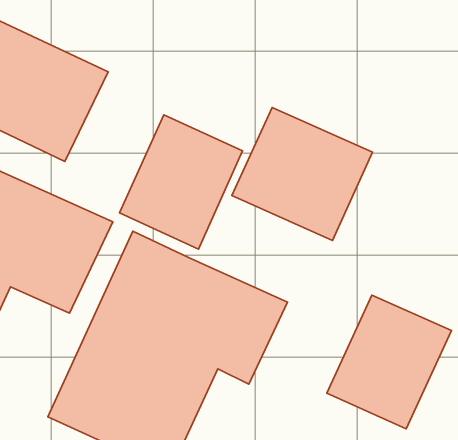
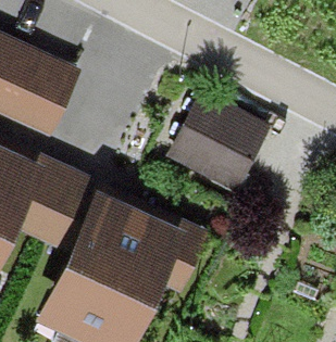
building: [120,115,243,249] -> none
building: [327,295,451,429] -> none

